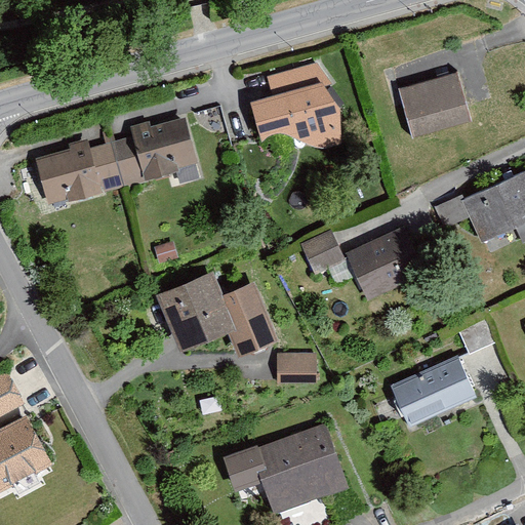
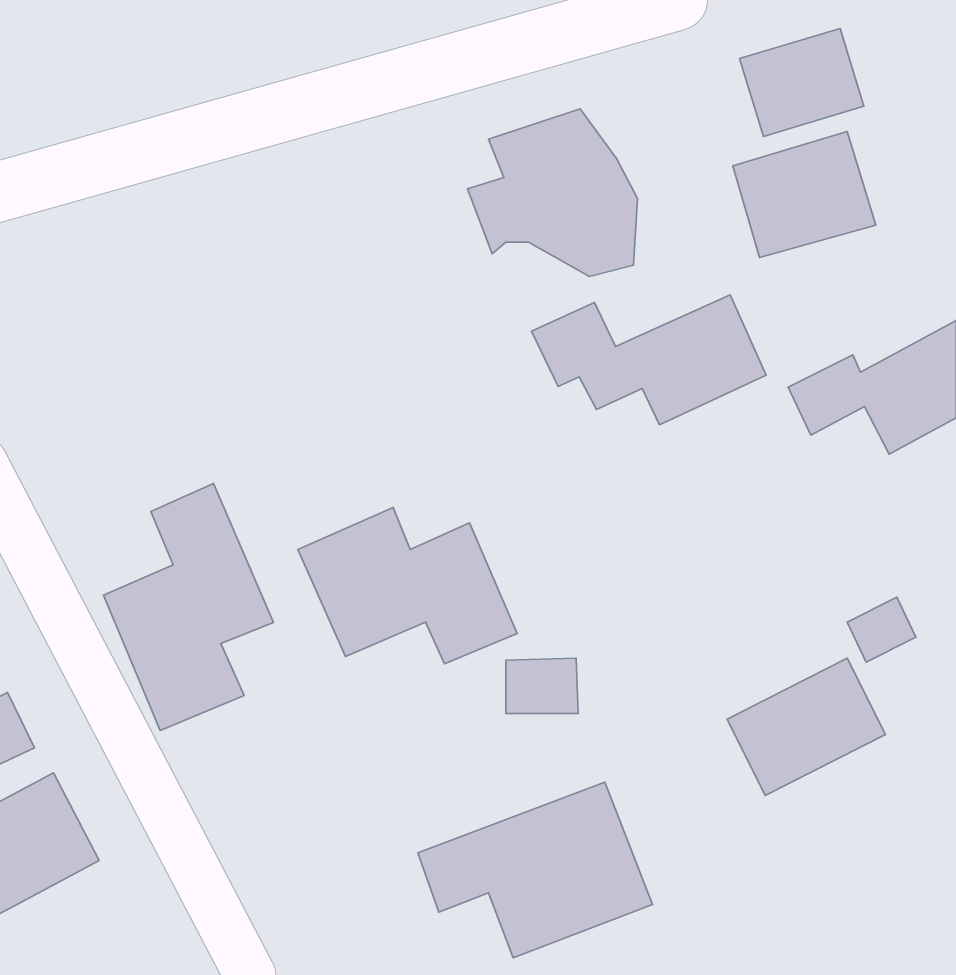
building: none -> [740,28,864,136]
building: [29,119,200,210] -> none
building: [296,227,422,296] -> [532,295,766,425]
building: none -> [103,483,273,731]

